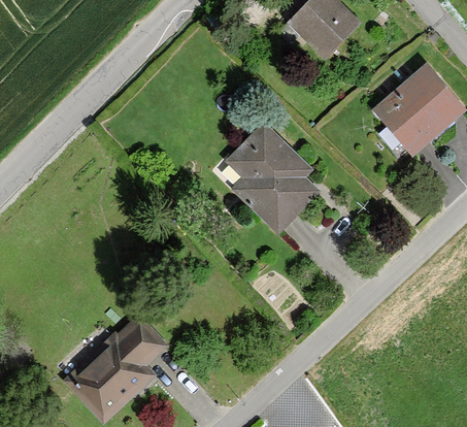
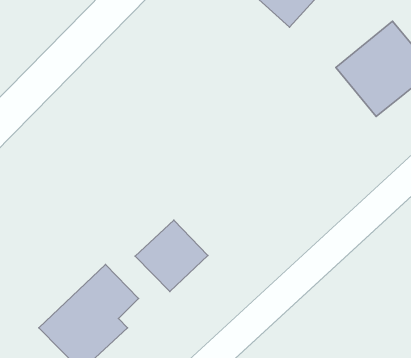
building: [225,121,320,234] -> none
building: none -> [135,220,208,292]

